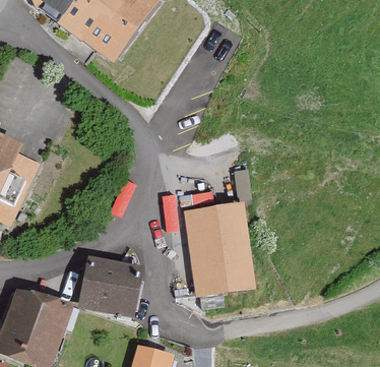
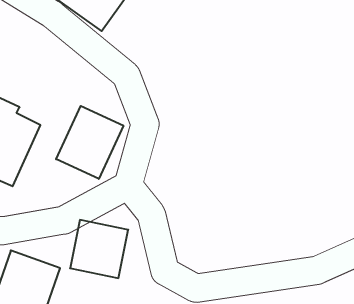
building: none -> [56,106,123,179]
building: [182,199,251,294] -> none

